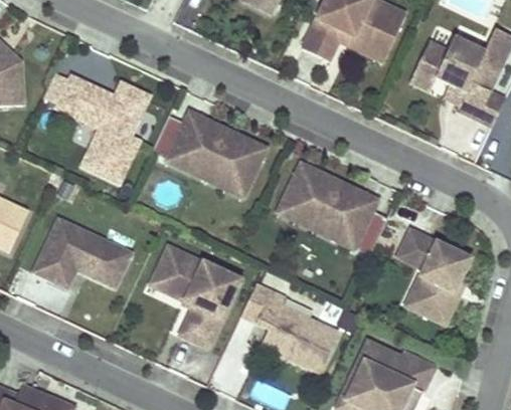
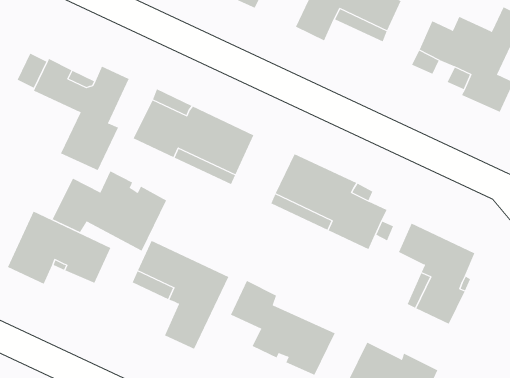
building: none -> [52,171,167,252]

